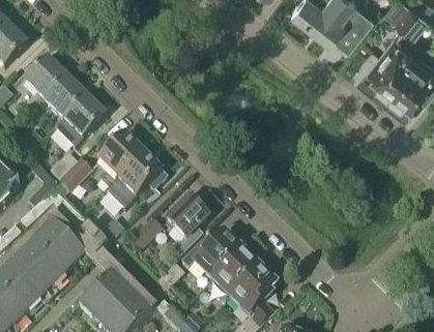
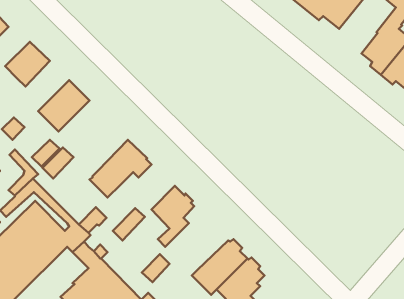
building: [44,73,86,116] -> none
building: [98,131,143,186] -> none
building: [181,228,240,276] -> none

